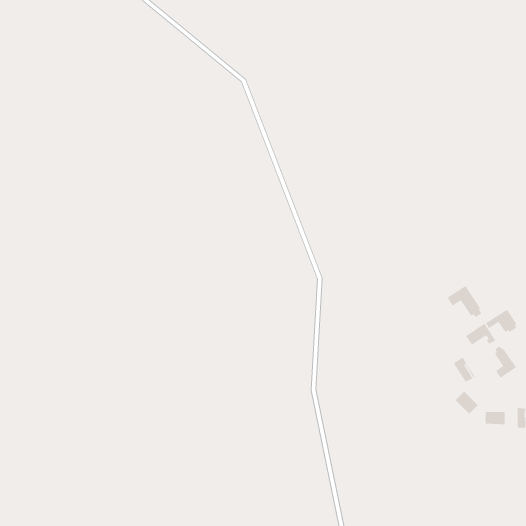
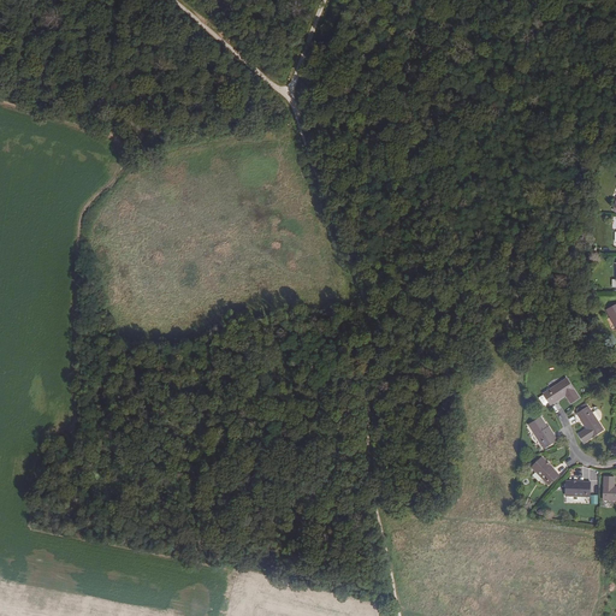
building: [447,285,482,318] -> none
building: [485,309,517,333] -> none

